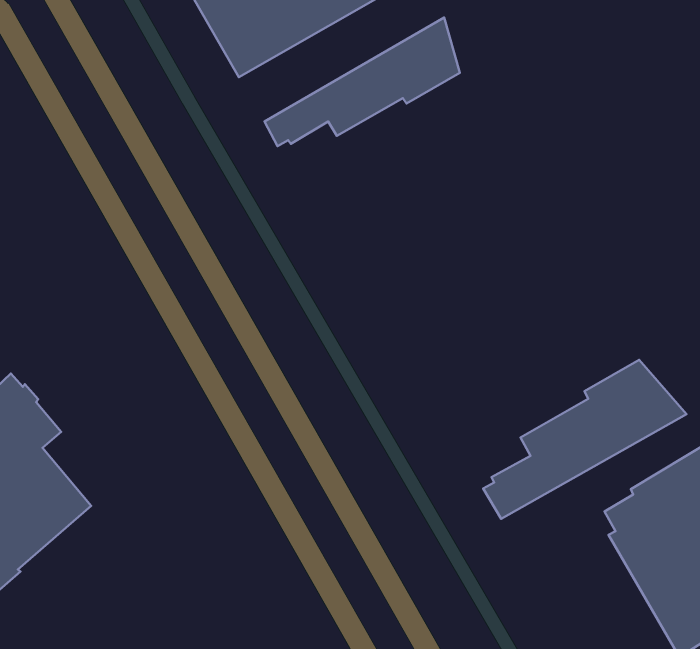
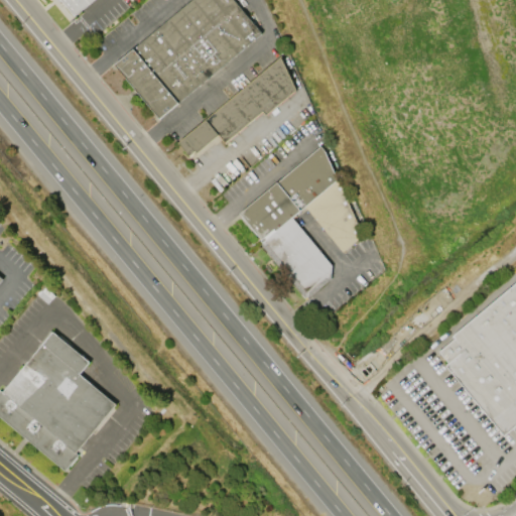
building: none -> [240,145,360,298]
building: [483,360,686,519] -> none

